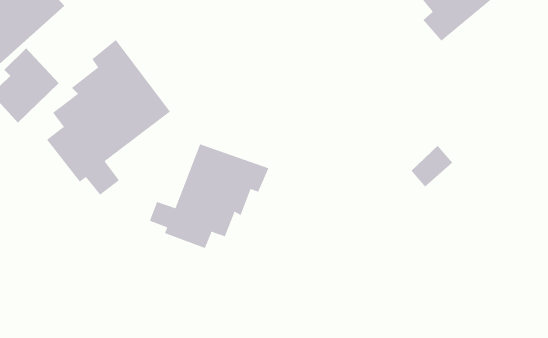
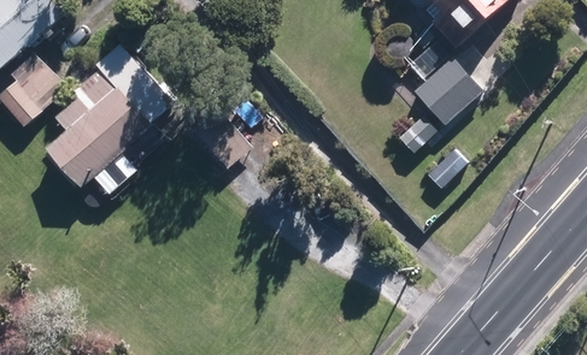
building: none -> [395,58,479,153]
building: [149,143,269,249] -> none

